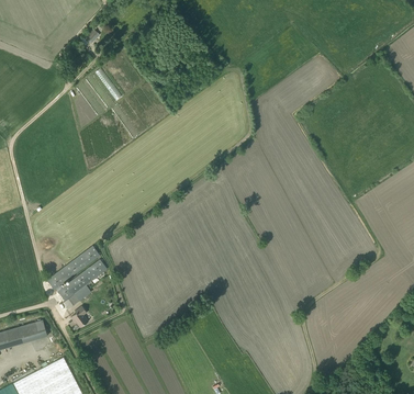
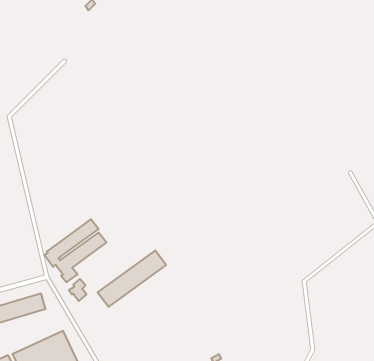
building: none -> [98,250,166,307]

